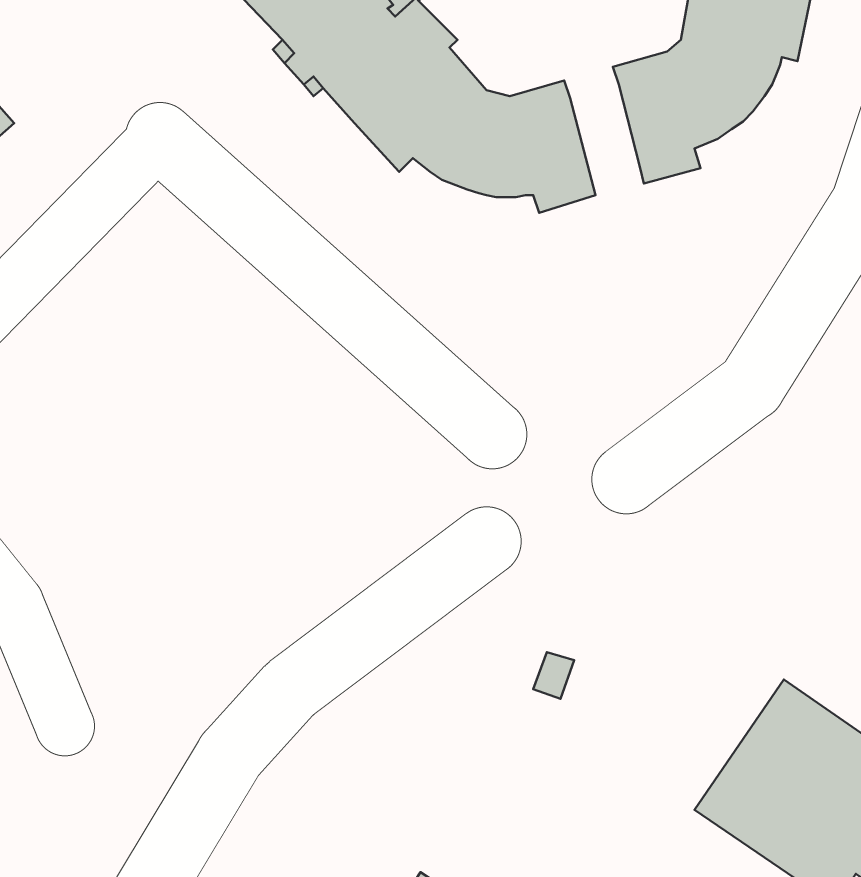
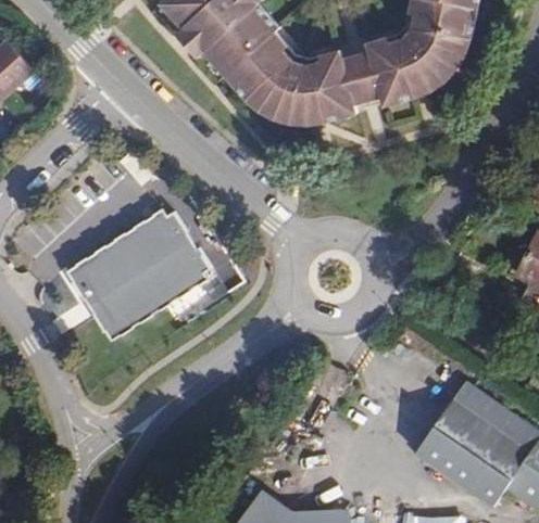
building: none -> [344,50,384,103]
building: none -> [73,203,216,335]

